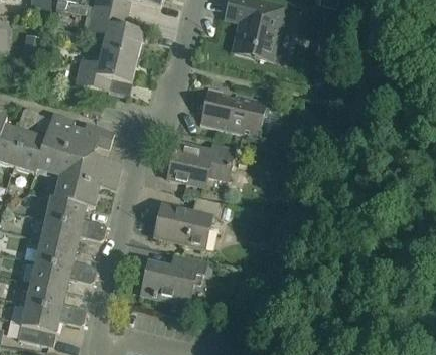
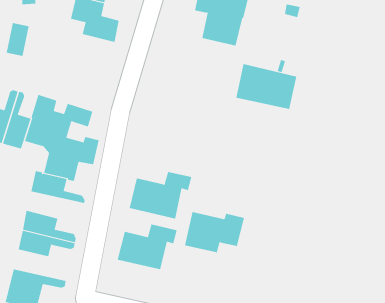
building: [76,46,138,95] -> none
building: [199,85,267,136] -> [236,64,297,110]
building: [167,140,234,185] -> [184,211,245,253]
building: [40,218,105,247] -> none
building: [26,282,87,316] -> none

